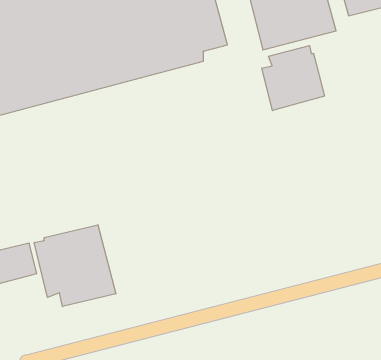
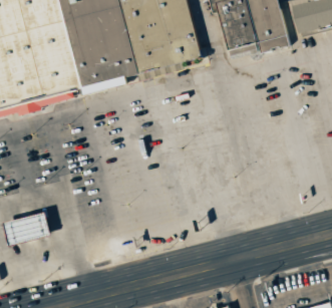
building: [262,46,324,111] -> none
building: [34,225,116,307] -> none

